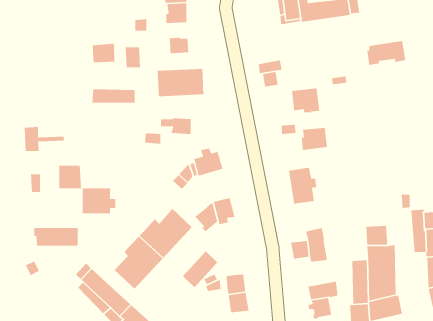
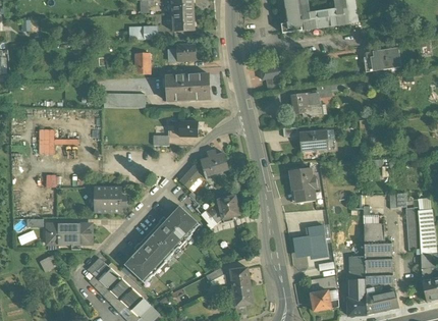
building: [92,43,115,63] -> none
building: [58,165,82,189] -> none
building: [182,250,218,288] -> none

